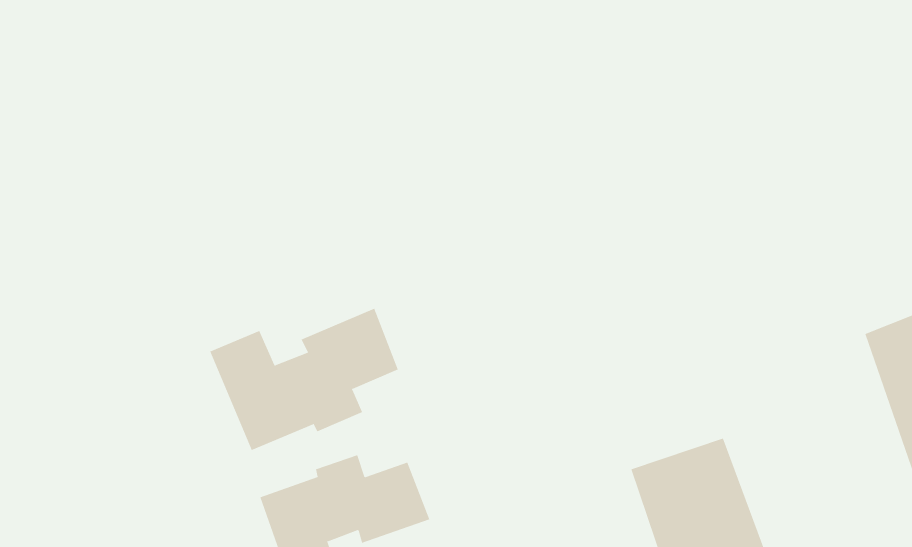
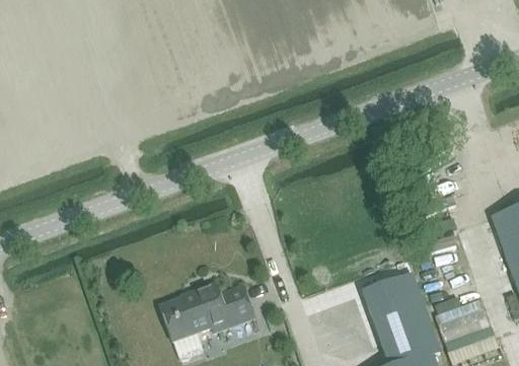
building: [209,308,398,451] -> none

